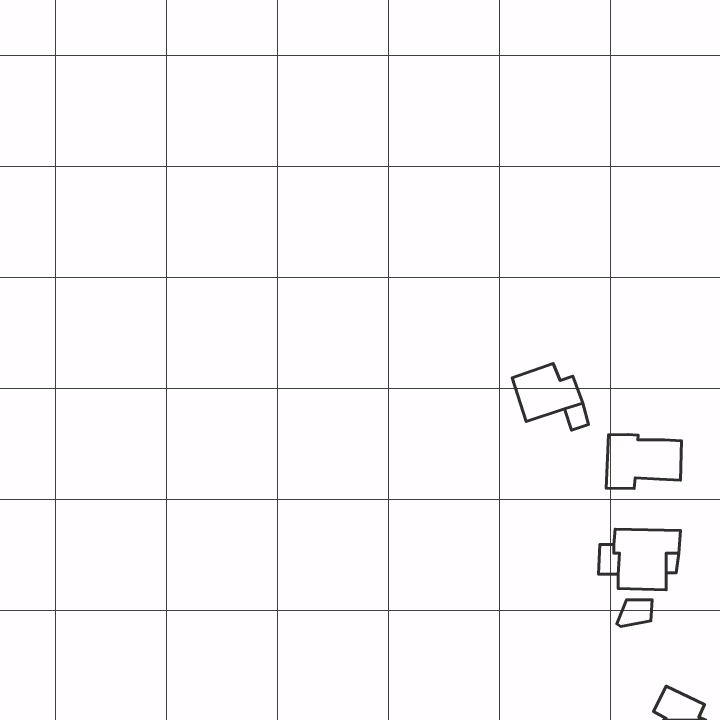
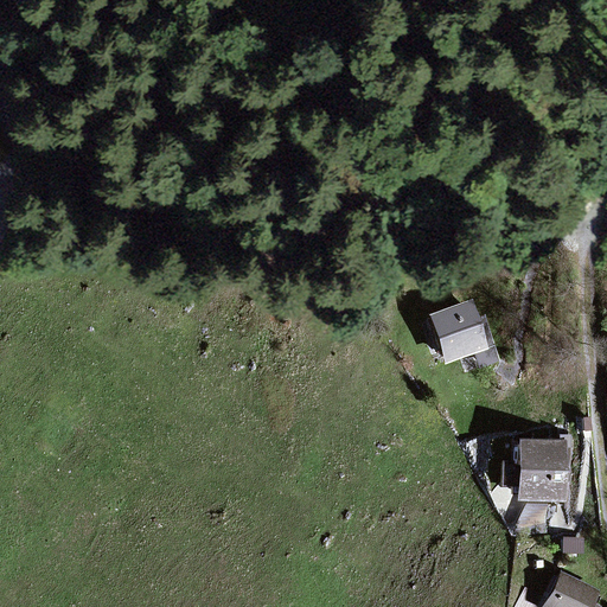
building: [606,435,682,488] -> none

